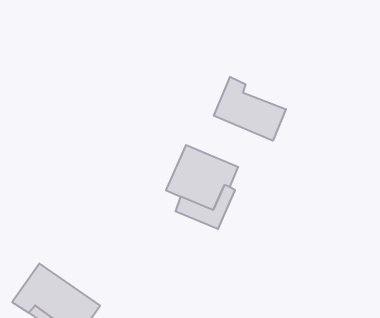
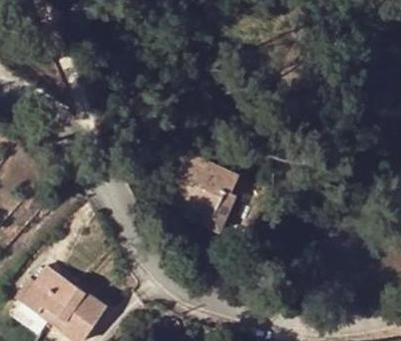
building: [214,77,286,141] -> none

